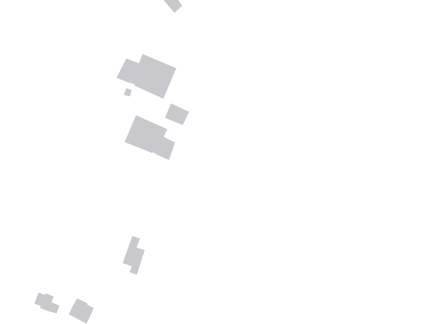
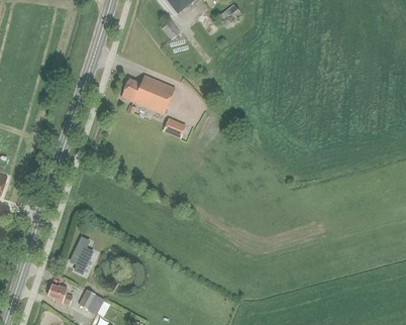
building: [124,114,176,161] -> none
building: [122,235,146,276] -> [70,234,91,270]

